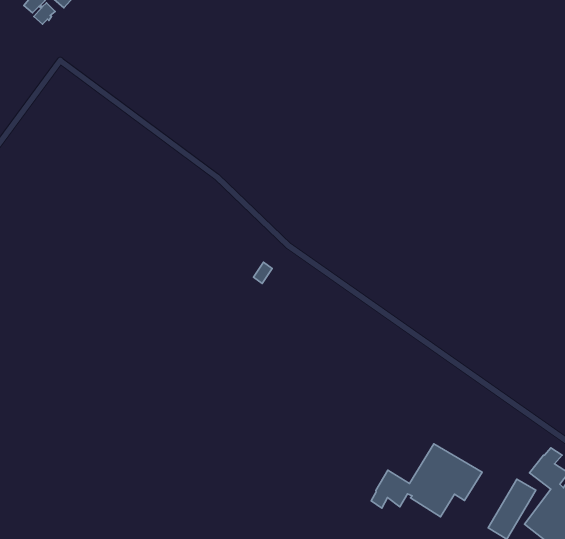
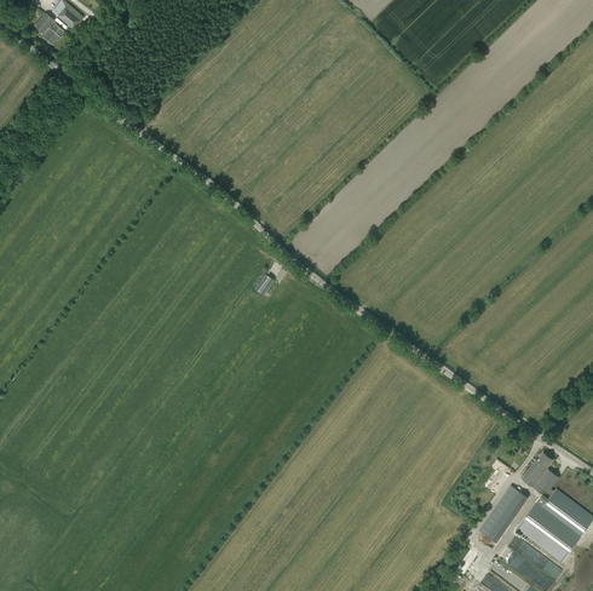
building: [371,444,482,517] -> none

